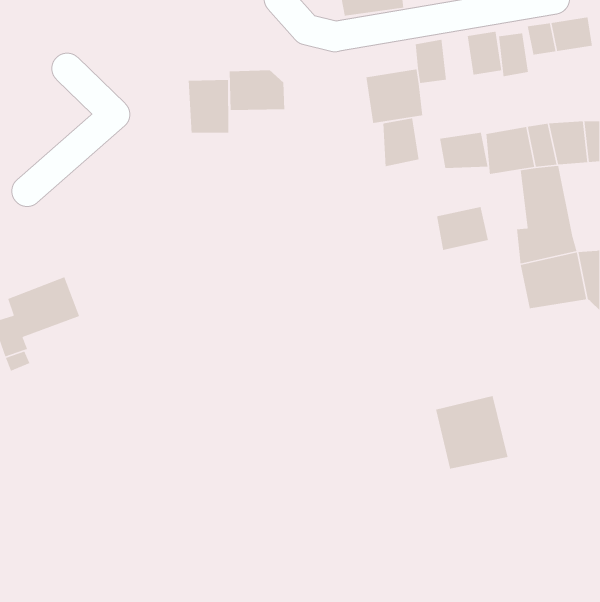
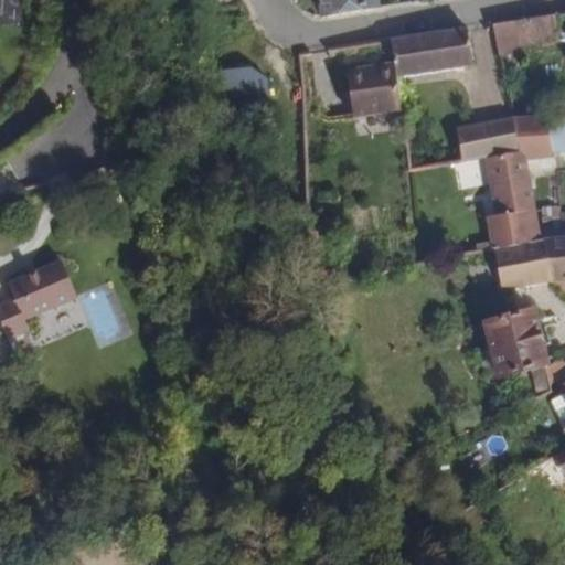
building: [498,32,529,77] -> [414,33,443,75]
building: [188,79,229,134] -> none
building: [382,117,420,167] -> none
building: [439,132,489,169] -> none
building: [436,206,489,251] -> none
building: [435,395,508,469] -> [484,308,553,377]

